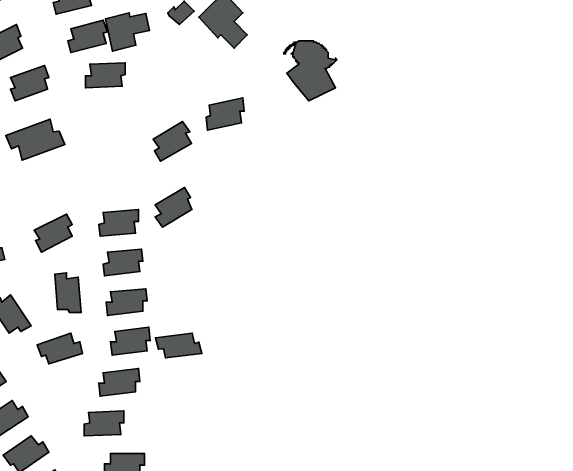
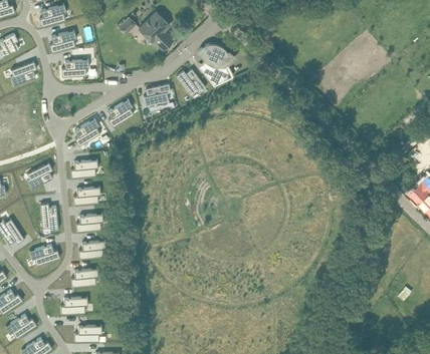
building: [106,13,149,51] -> none
building: none -> [176,68,205,93]
building: [6,119,65,160] -> none
building: [155,187,192,227] -> [74,117,99,144]
building: [156,333,202,358] -> none

